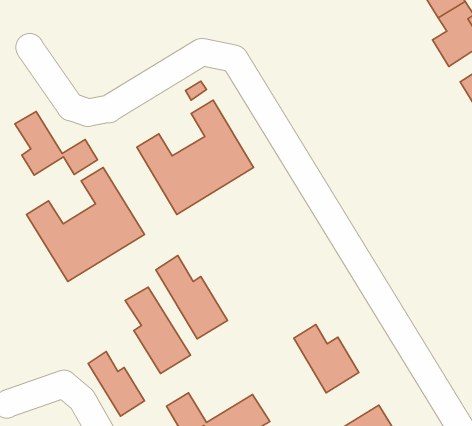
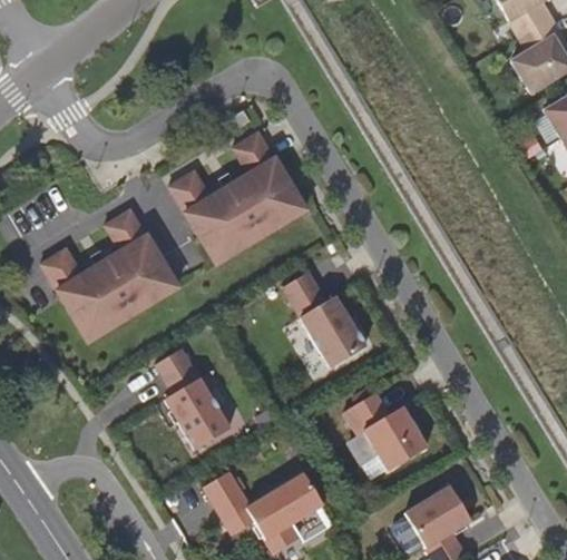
building: [15,111,98,175] -> none
building: [156,255,228,339] -> [283,269,366,366]
building: [88,352,145,416] -> none

